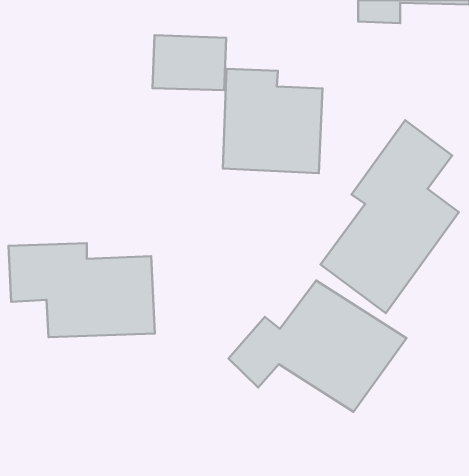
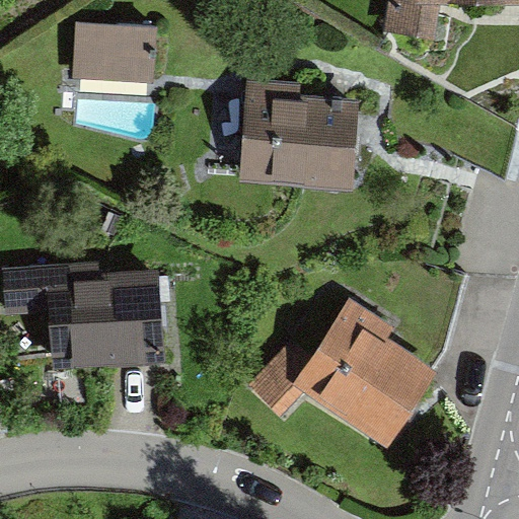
building: [153,35,226,90] -> [73,19,153,79]
building: [321,120,459,313] -> none

